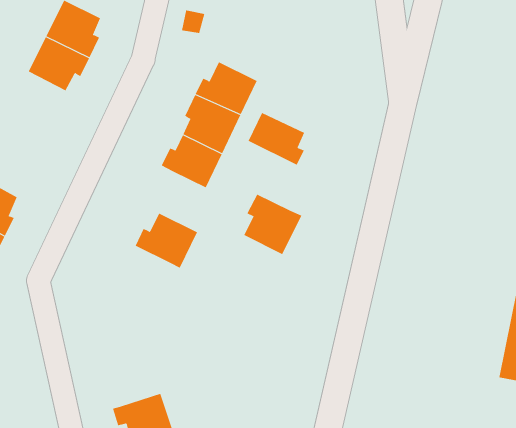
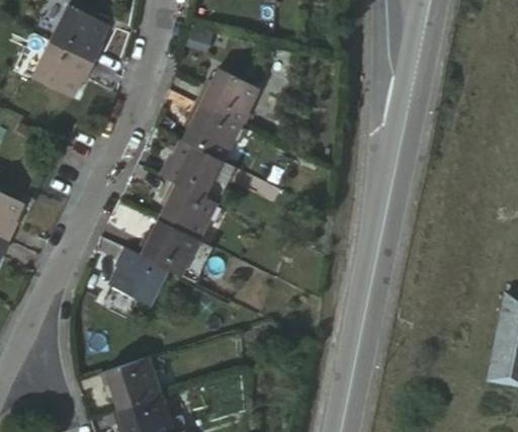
building: [248,112,305,166] -> none
building: [243,194,302,255] -> [161,177,219,237]
building: none -> [115,246,172,304]
building: none -> [101,354,163,408]

